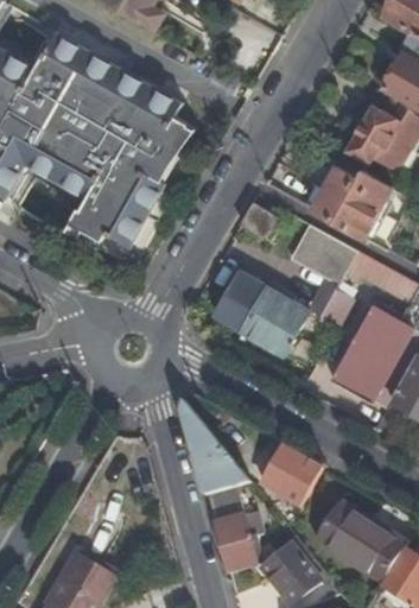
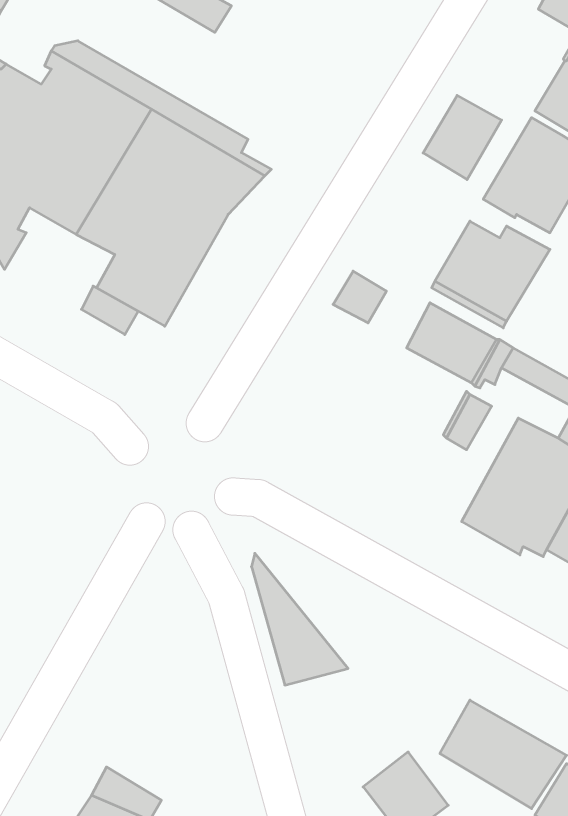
building: none -> [423,95,502,180]
building: [215,270,311,354] -> none
building: [262,448,320,506] -> none
building: [209,493,255,572] -> none

